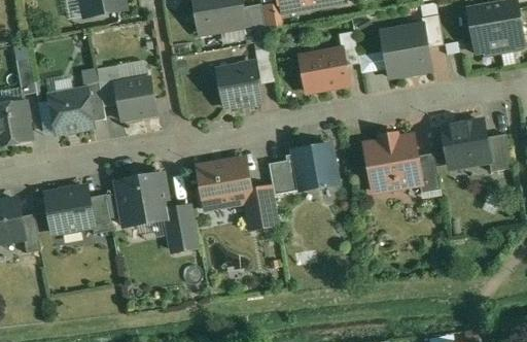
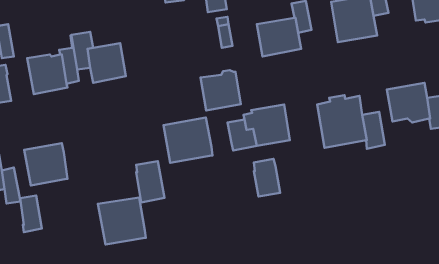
building: [216,62,260,106] -> [201,70,241,111]
building: [116,174,169,226] -> [98,197,146,245]
building: [250,186,279,228] -> [254,159,280,196]
building: [89,194,112,234] -> [20,195,42,232]

